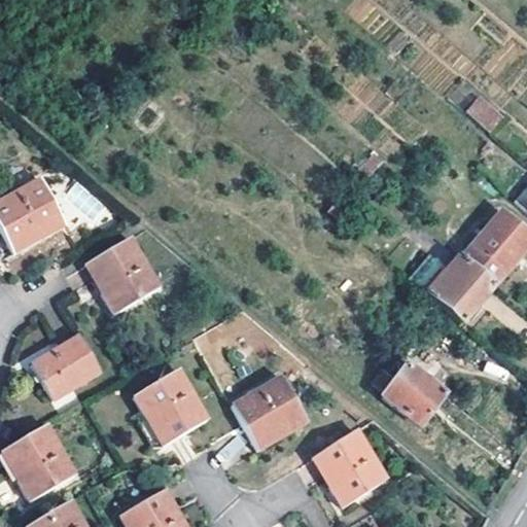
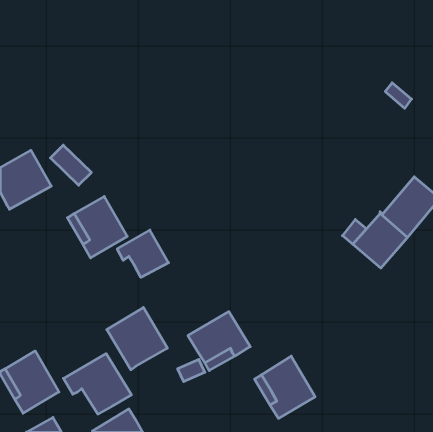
building: none -> [117,230,169,277]
building: [31,335,100,398] -> none
building: [375,365,447,426] -> none
building: none -> [63,354,131,414]

